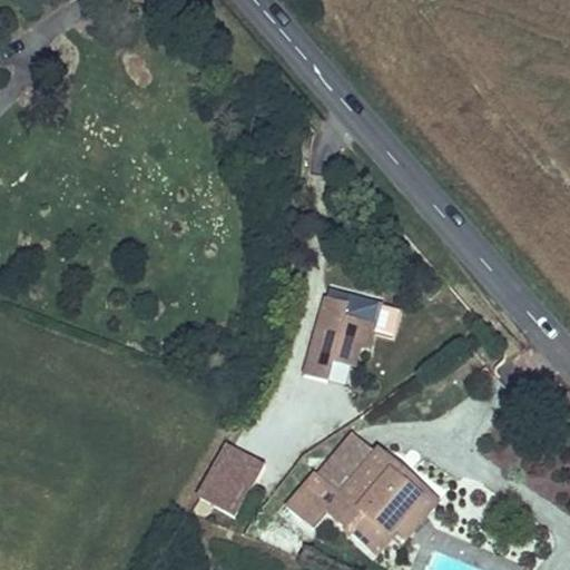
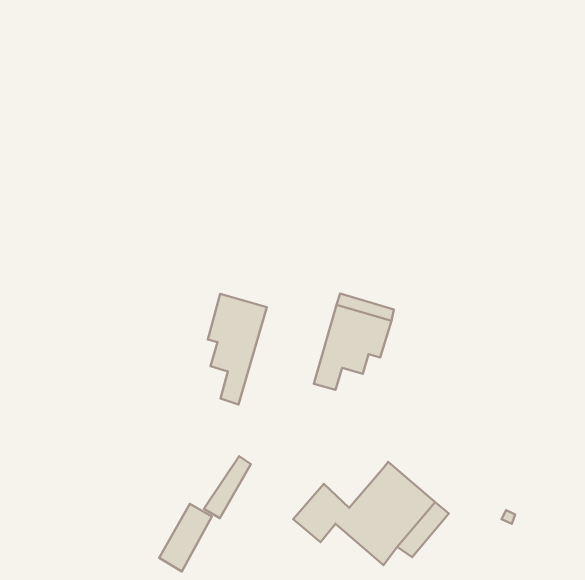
building: none -> [208,294,267,405]
building: [315,431,373,493] -> none
building: [214,451,265,517] -> [159,504,212,572]

